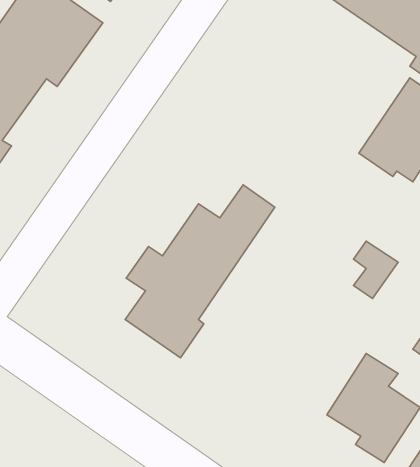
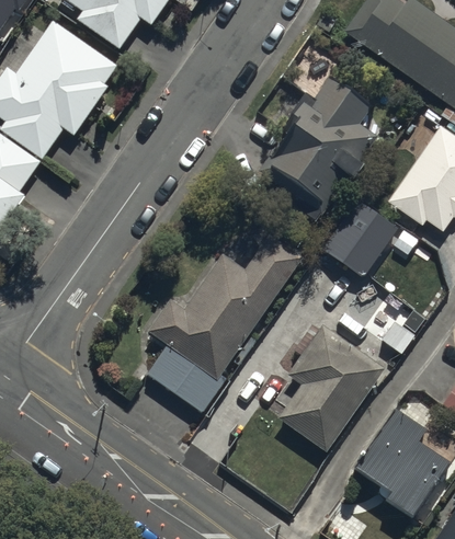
building: none -> [259,74,378,218]
building: none -> [322,199,398,278]
building: none -> [275,321,385,452]

